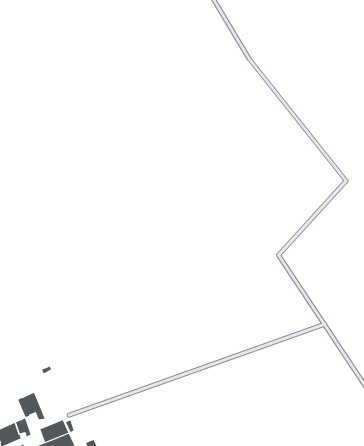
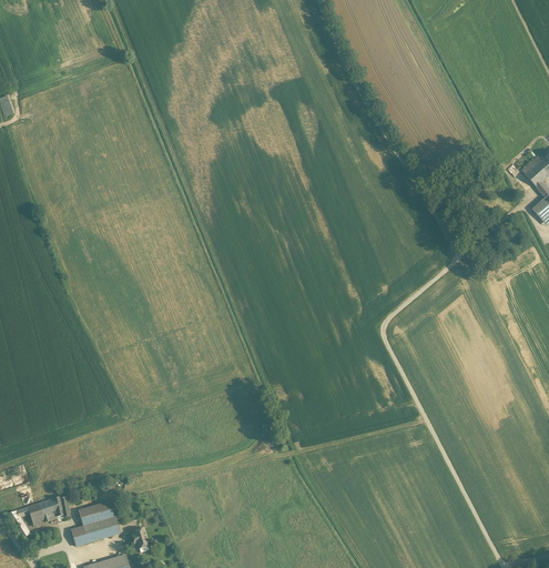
building: [18,392,45,420] -> none

